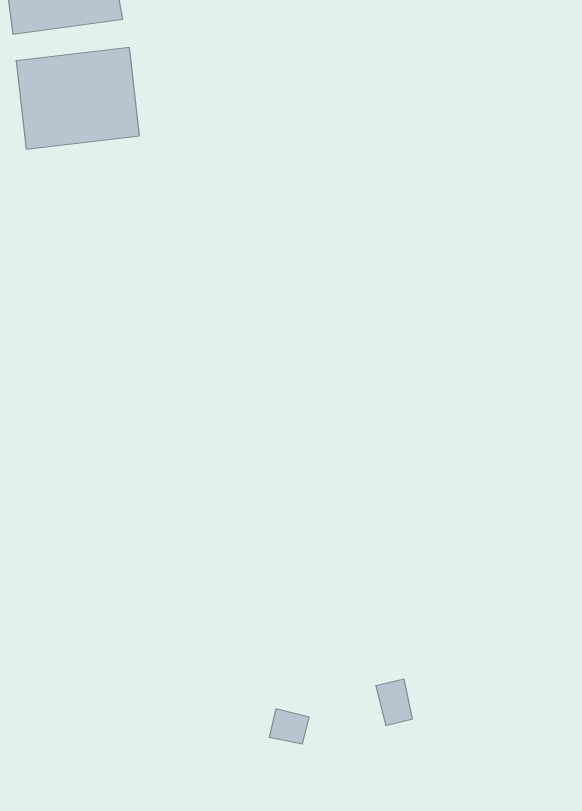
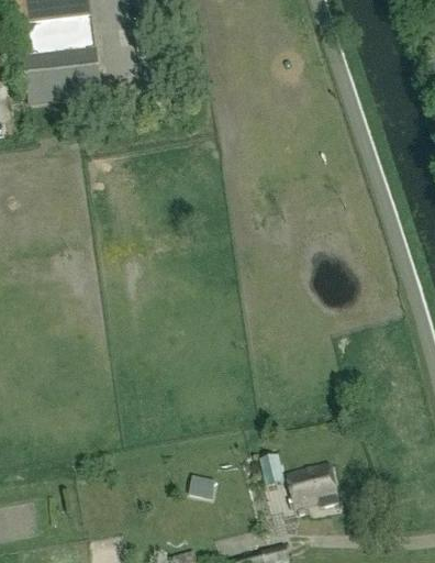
building: none -> [285,460,335,505]

